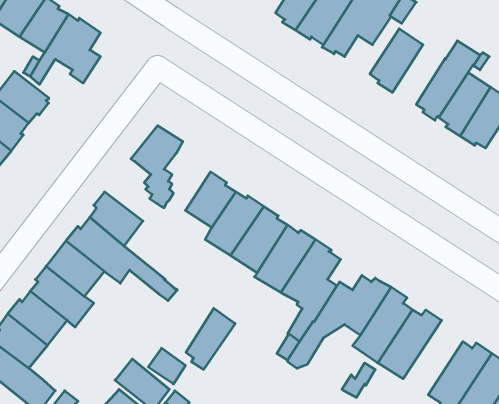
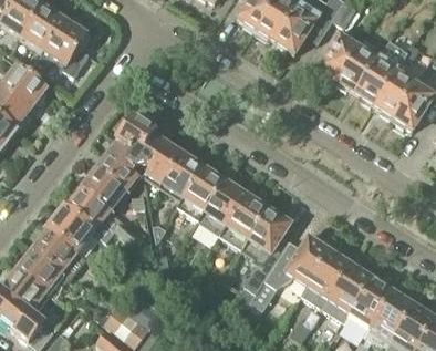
building: none -> [333,42,377,92]
building: none -> [143,133,181,180]
building: none -> [93,140,137,189]
building: [186,308,235,369] -> none
building: none -> [342,272,392,334]

